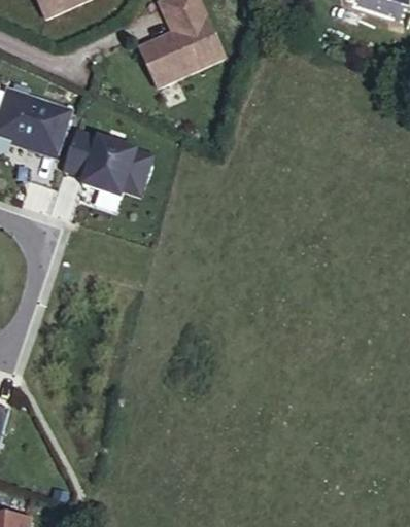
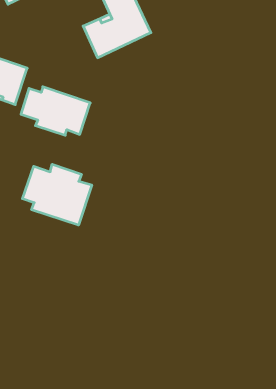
building: none -> [22,164,92,225]

